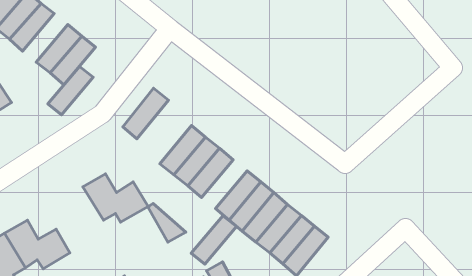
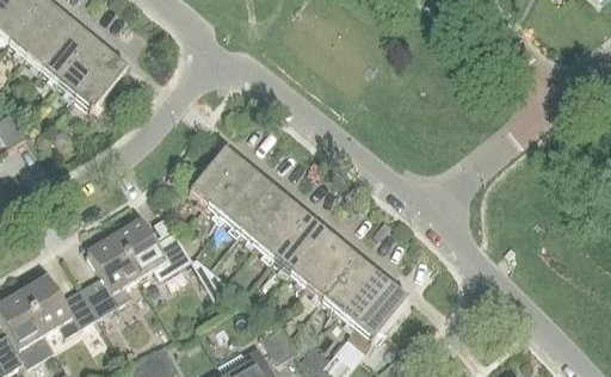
building: [48,66,93,115] -> [42,26,97,85]
building: [123,88,168,139] -> [191,147,246,208]
building: none -> [82,235,140,315]
building: [191,216,237,264] -> [258,203,313,261]

